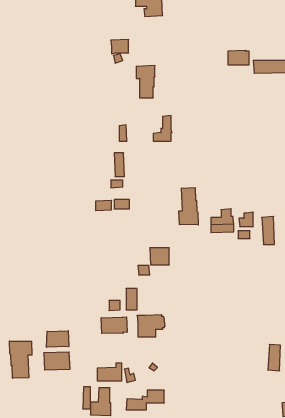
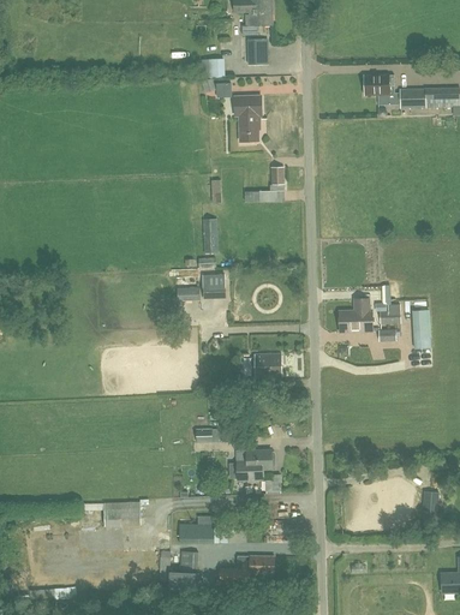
building: none -> [247,37,268,67]
building: [179,188,198,225] -> none
building: [101,317,127,333] -> none
building: [47,331,69,347] -> none
building: [9,341,32,378] -> none

